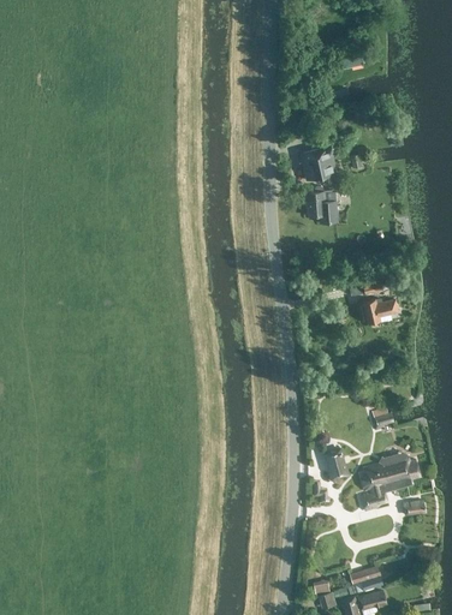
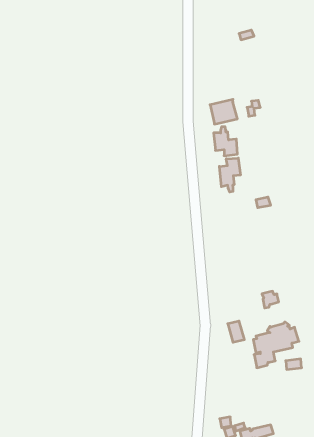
building: none -> [219,158,240,192]
building: [362,298,398,323] -> none
building: [349,565,382,592] -> none

